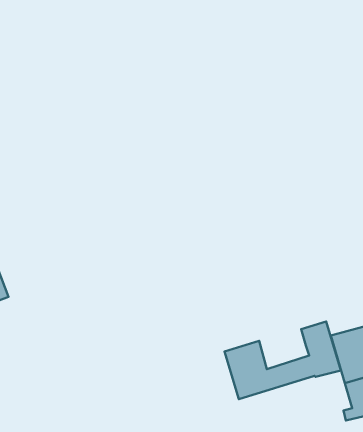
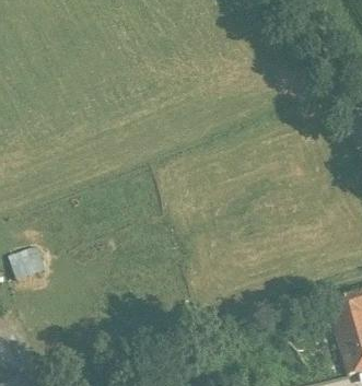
building: [225,321,341,399] -> none

